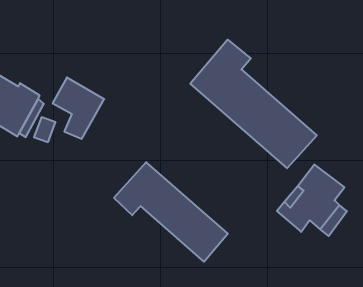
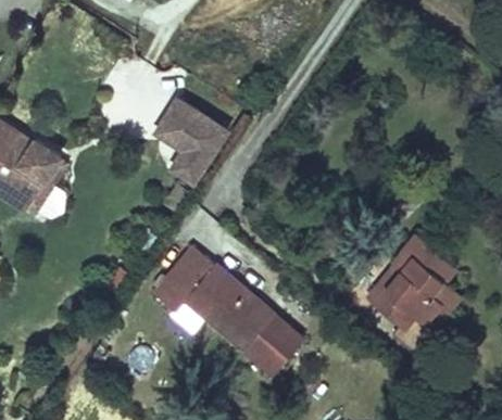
building: [190,40,317,168] -> none
building: [53,77,104,139] -> [159,91,226,171]

